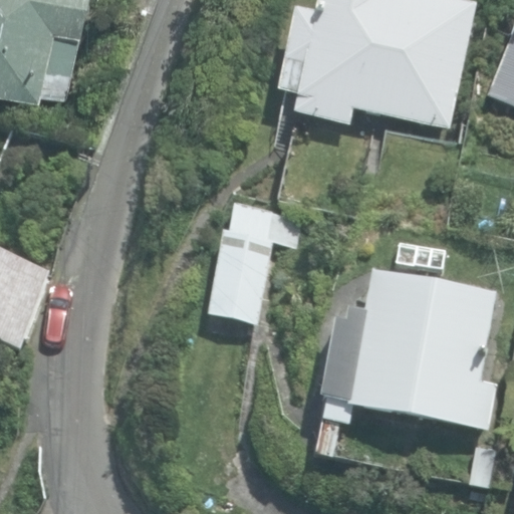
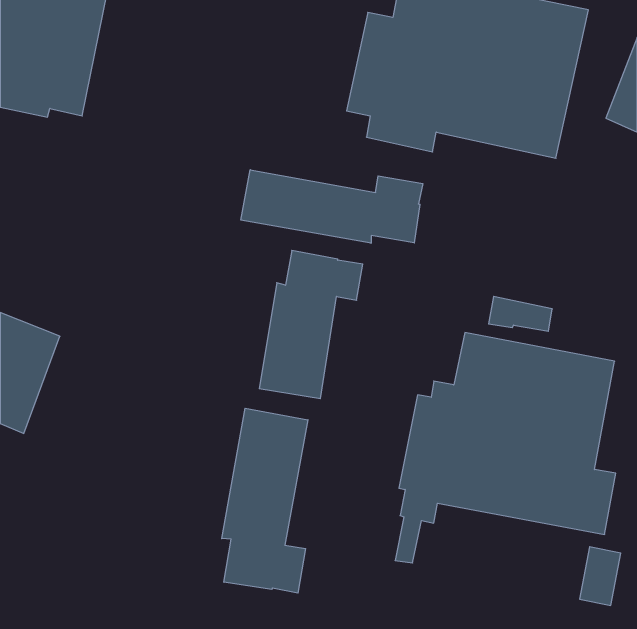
building: none -> [241,170,423,243]
building: none -> [222,408,308,593]

